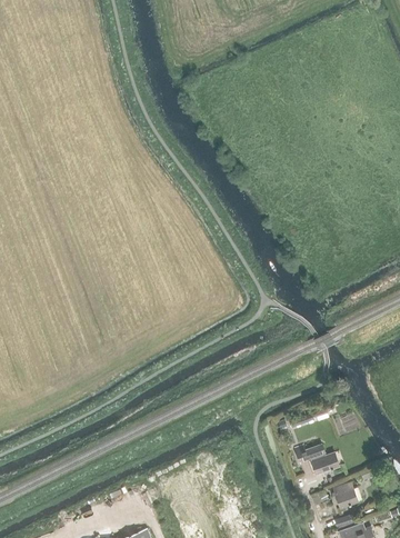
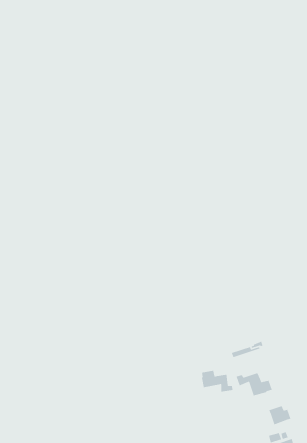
building: none -> [200,370,233,393]

